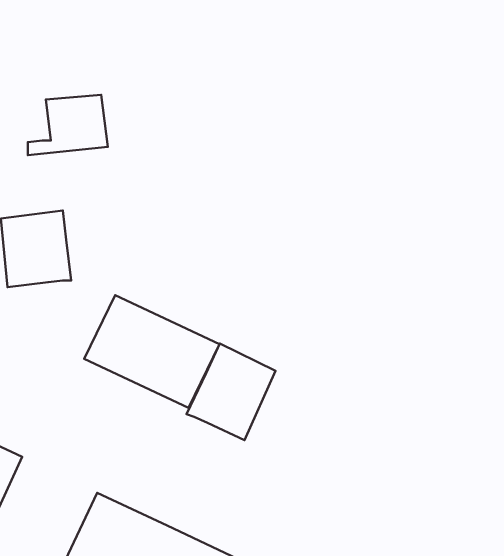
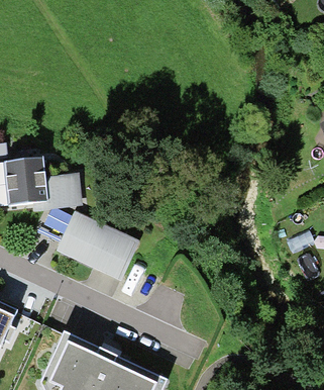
building: [28,95,108,155] -> [33,173,83,210]
building: [187,343,275,440] -> none

